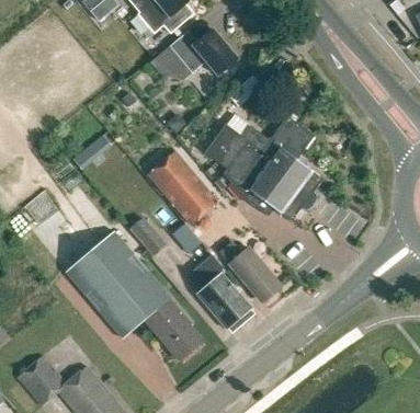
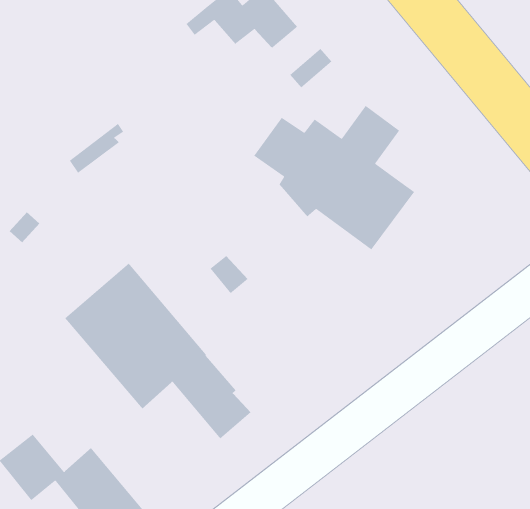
building: [147,151,218,226] -> none
building: [128,218,167,259] -> none
building: [220,242,280,301] -> none
building: [188,255,251,330] -> none

